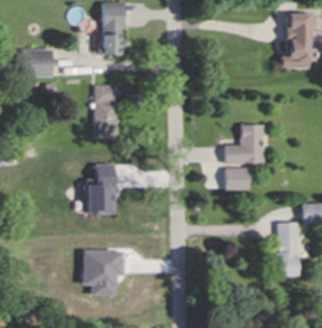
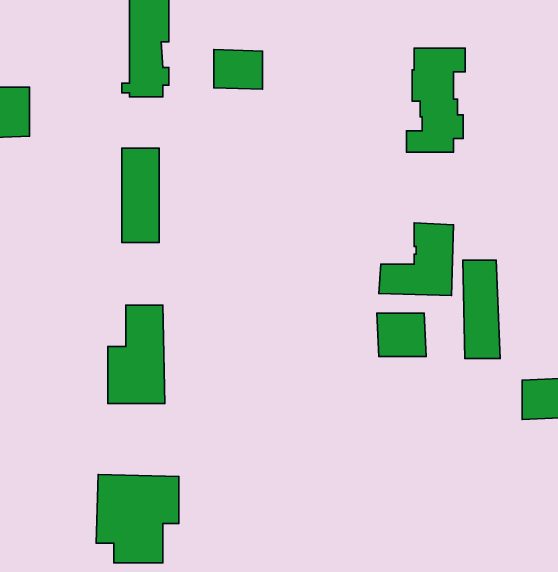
building: [282,13,312,66] -> [406,48,465,152]
building: none -> [214,50,263,89]
building: [282,221,301,271] -> [463,260,500,359]

